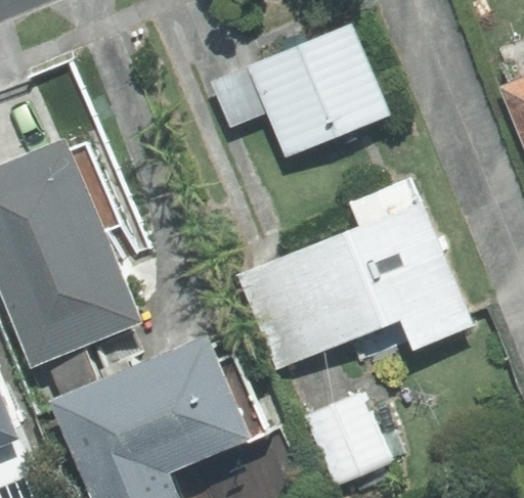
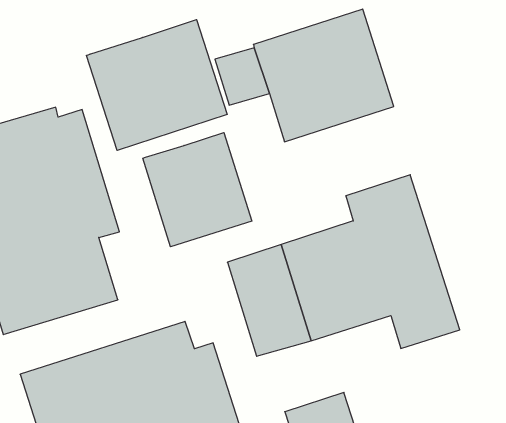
building: none -> [86,20,227,150]
building: none -> [143,133,252,247]

